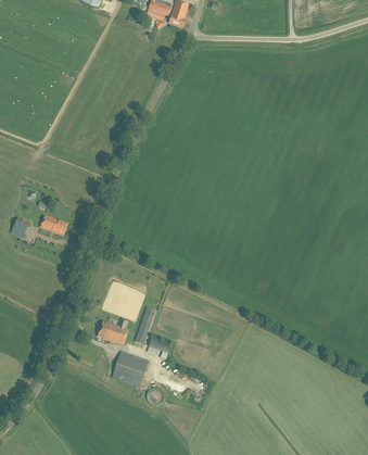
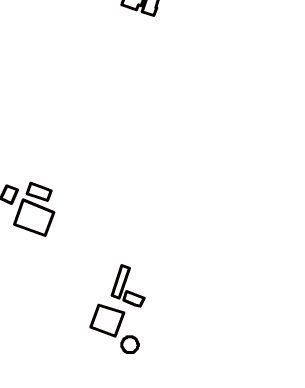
building: none -> [15,200,54,236]
building: [98,318,128,344] -> none

